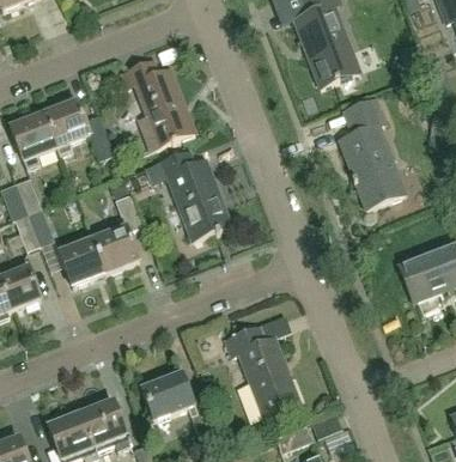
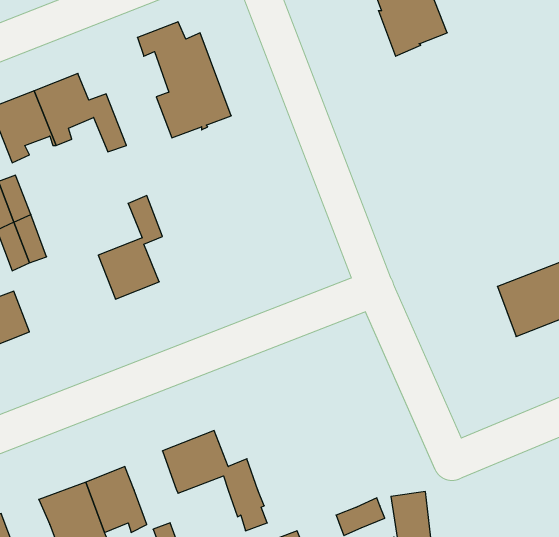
building: [339,97,403,207] -> none
building: [153,151,230,239] -> none
building: [59,238,105,285] -> none
building: [224,326,299,418] -> none

